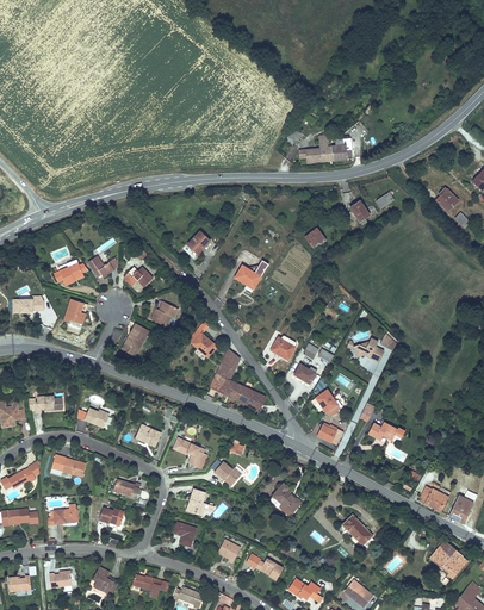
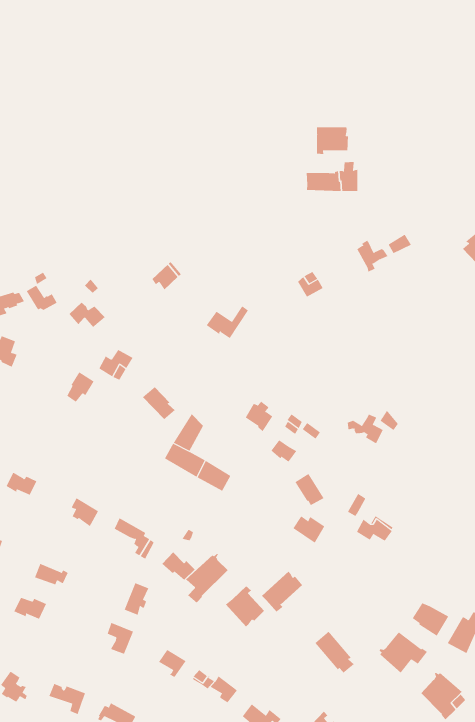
building: none -> [316,126,348,155]
building: none -> [185,553,228,604]
building: none -> [261,571,303,613]
building: none -> [379,632,428,673]

